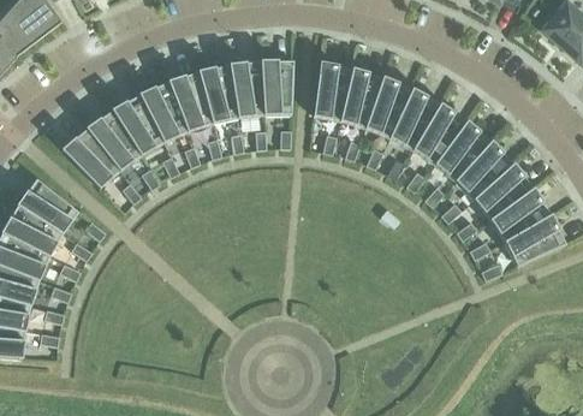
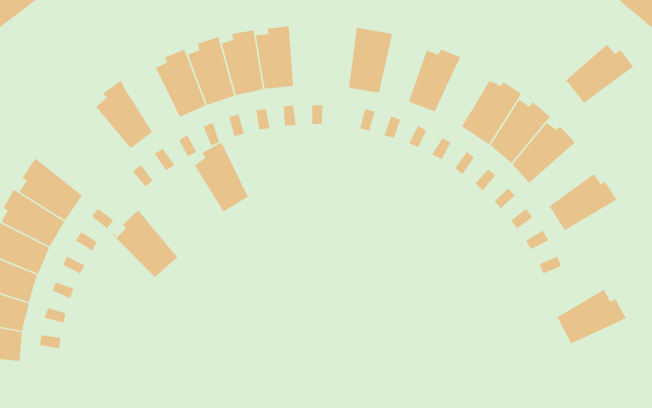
building: [261,59,293,114] -> none
building: [340,67,383,127] -> none
building: [389,88,440,149] -> none
building: [114,93,163,155] -> [193,142,249,212]
building: [61,127,120,188] -> [111,210,178,278]
building: [472,164,534,220] -> [565,40,634,104]
building: [504,214,566,266] -> [556,286,627,344]

